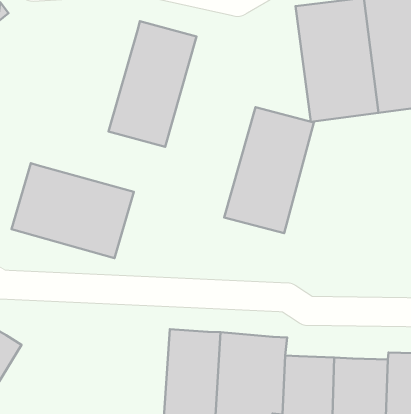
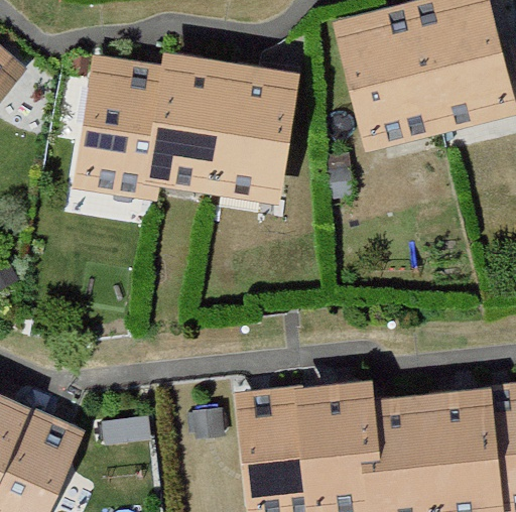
building: none -> [75,52,166,193]
building: [224,107,314,233] -> [211,67,298,203]
building: [11,163,134,258] -> none

